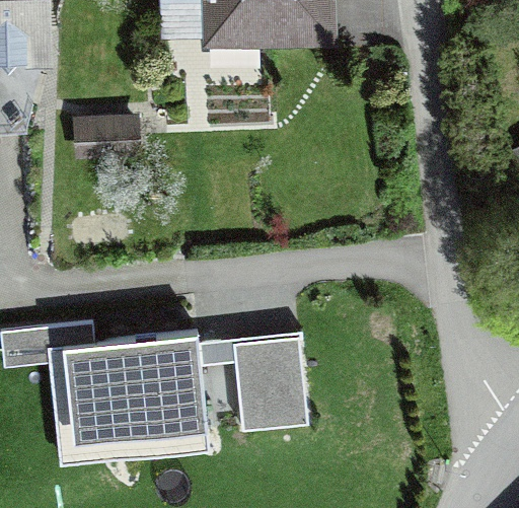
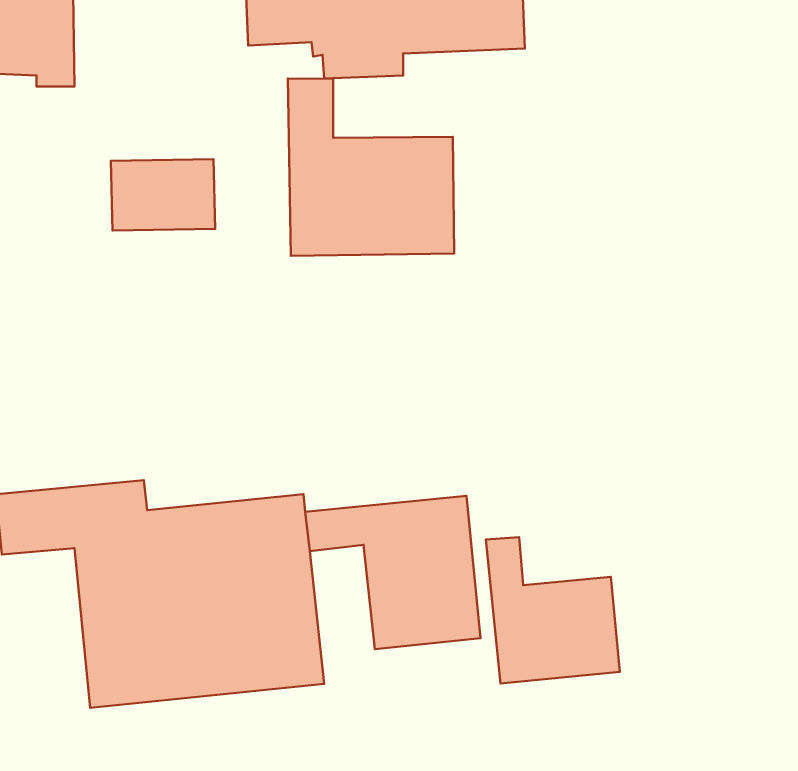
building: none -> [288,79,454,256]
building: none -> [486,537,620,684]

